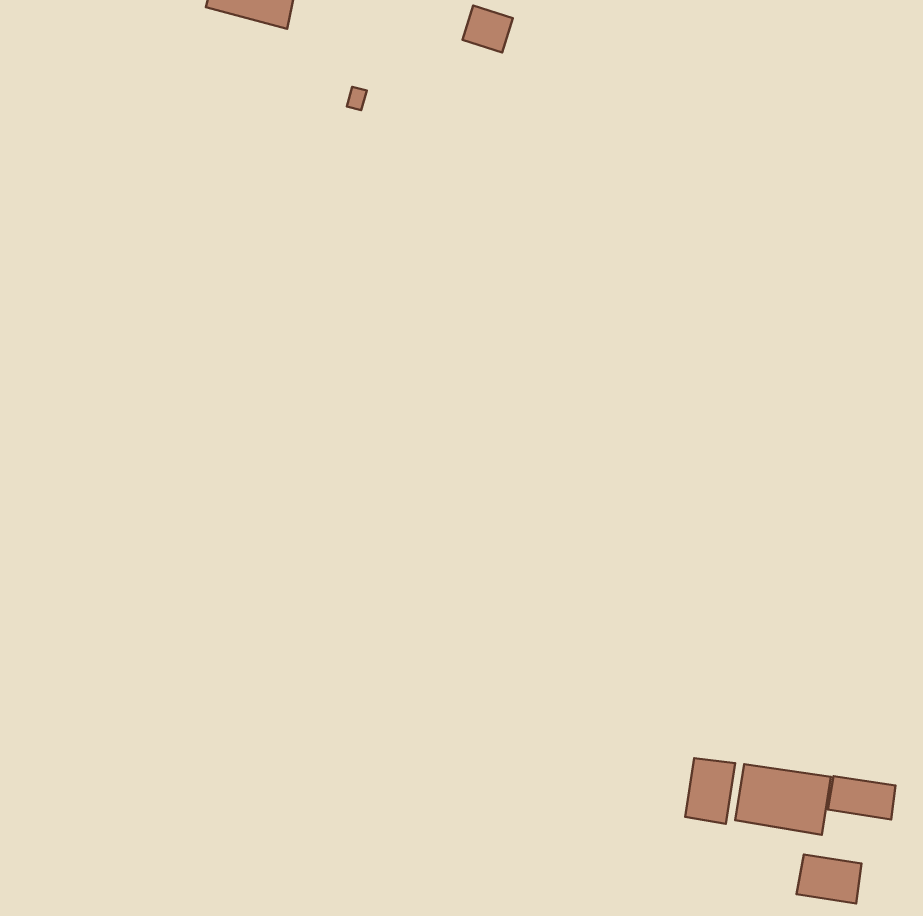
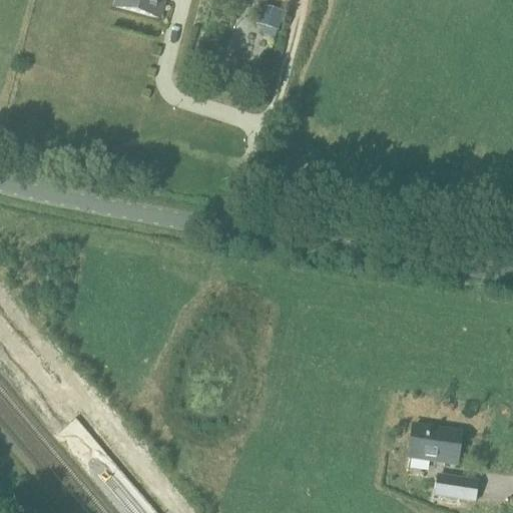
building: [685,758,735,824] -> none
building: [828,776,895,820] -> none

